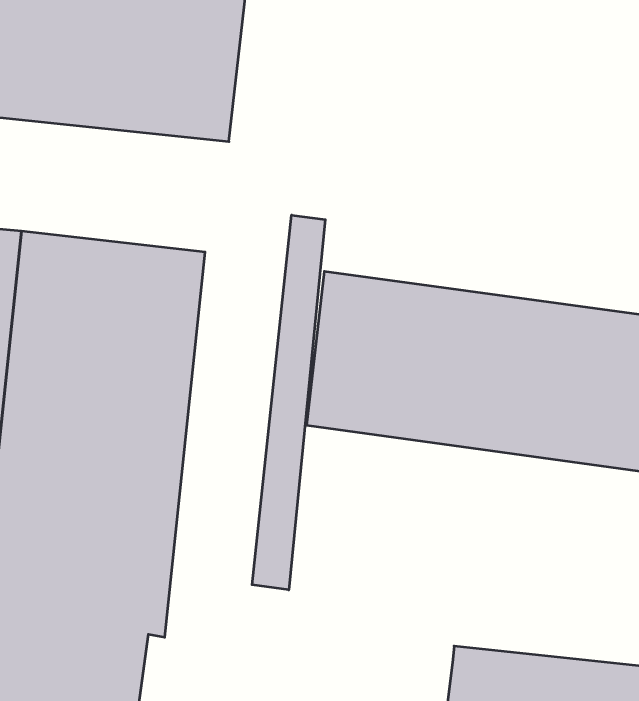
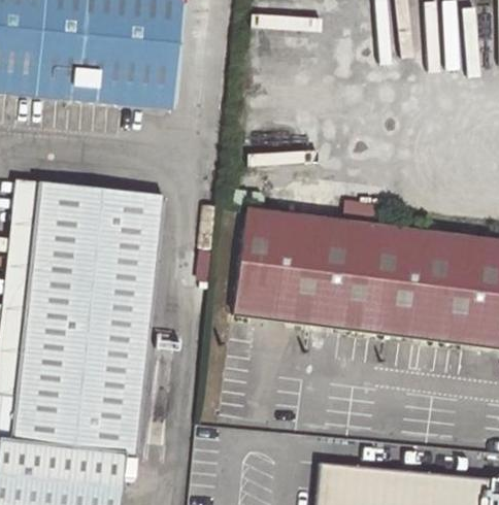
building: [252,215,325,590] -> none

